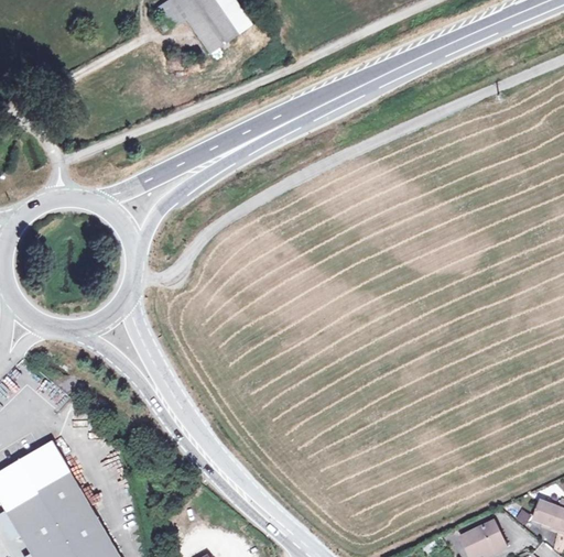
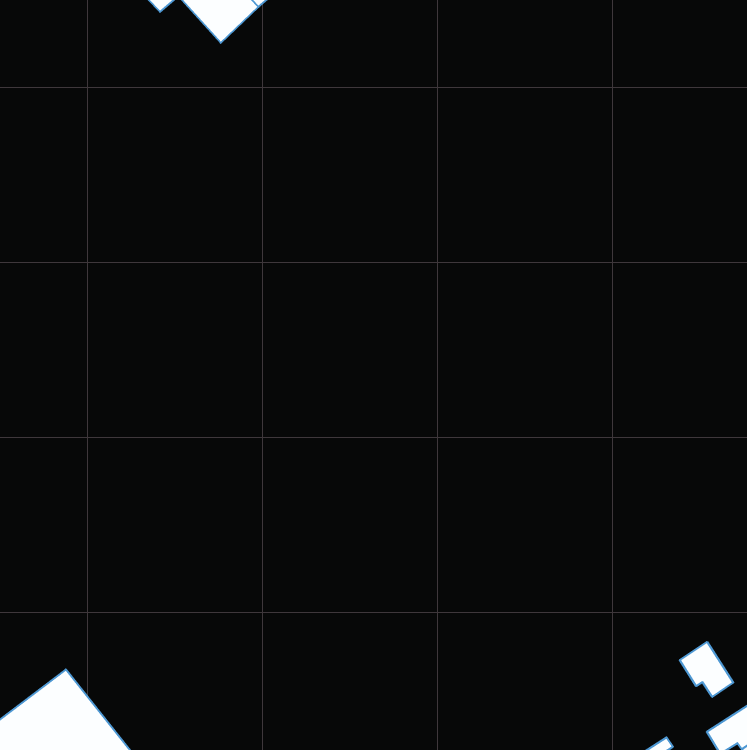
building: none -> [680,642,733,697]

